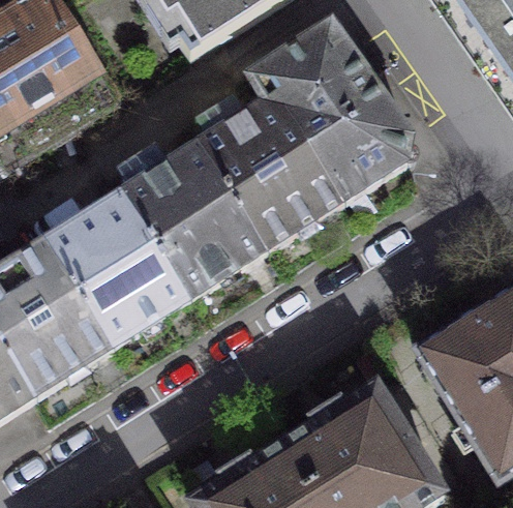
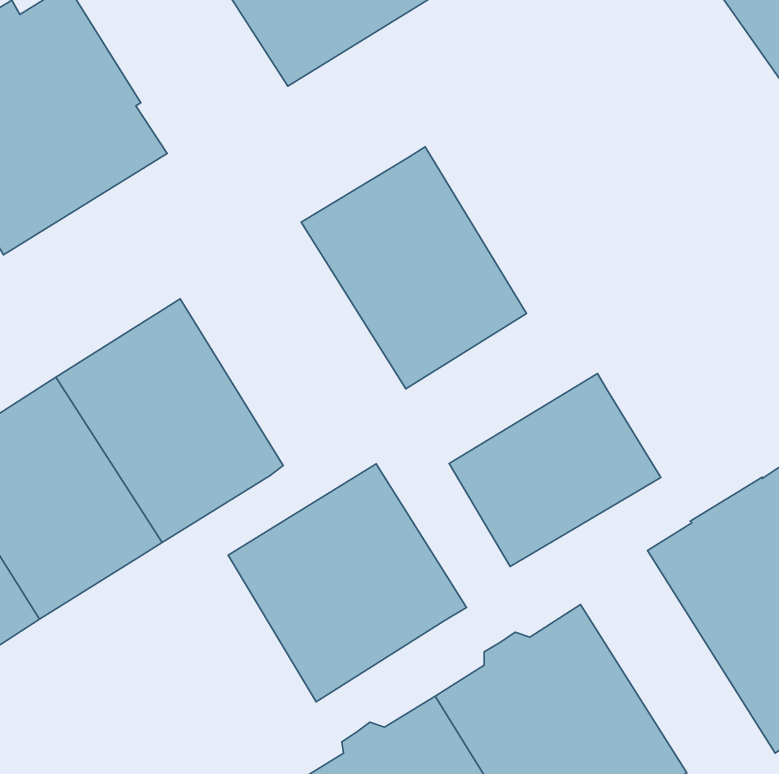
building: [249,21,411,199] -> none
building: [122,141,265,295] -> none
building: none -> [449,373,661,566]
building: none -> [228,464,466,702]

